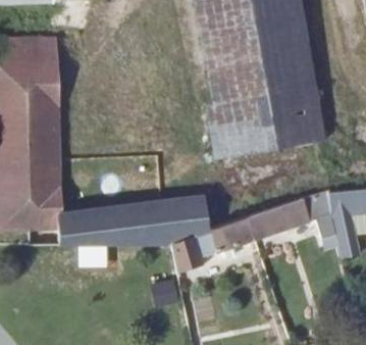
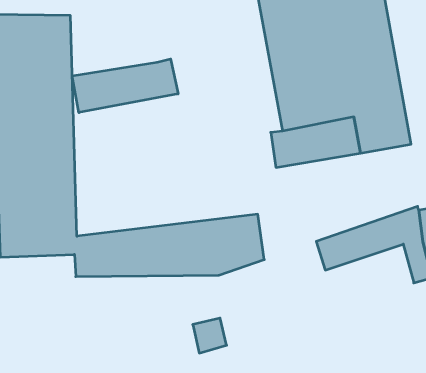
building: none -> [72,59,178,113]
building: [172,217,256,274] -> none

